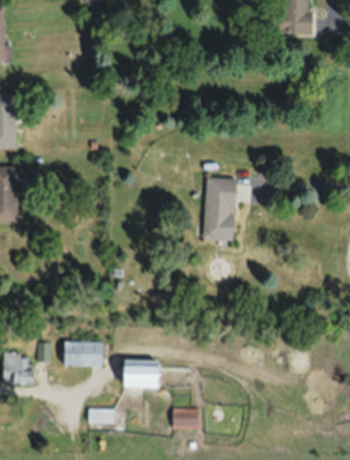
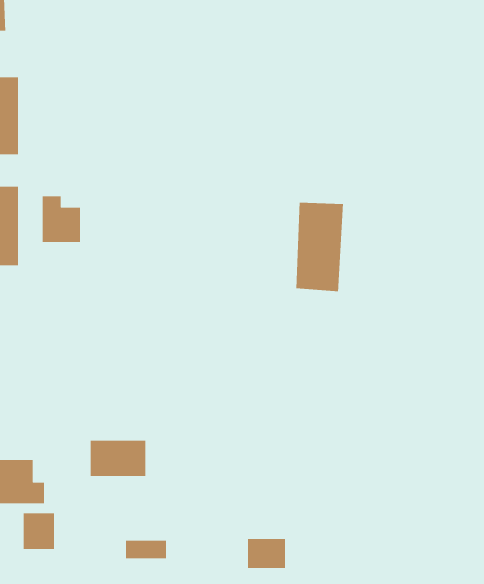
building: none -> [42,196,81,243]
building: [124,361,160,388] -> none
building: none -> [23,512,55,550]

